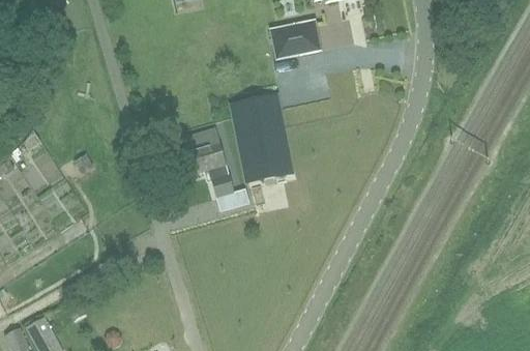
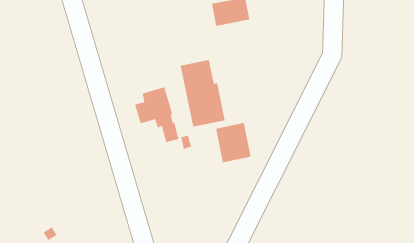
building: none -> [215,122,251,163]

